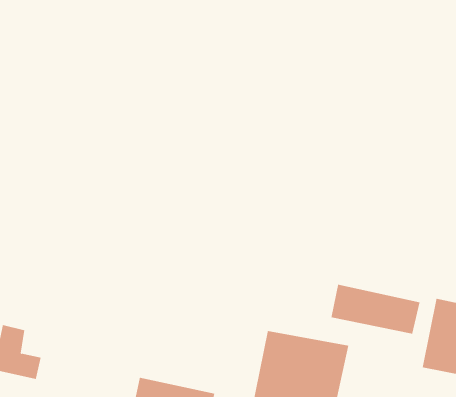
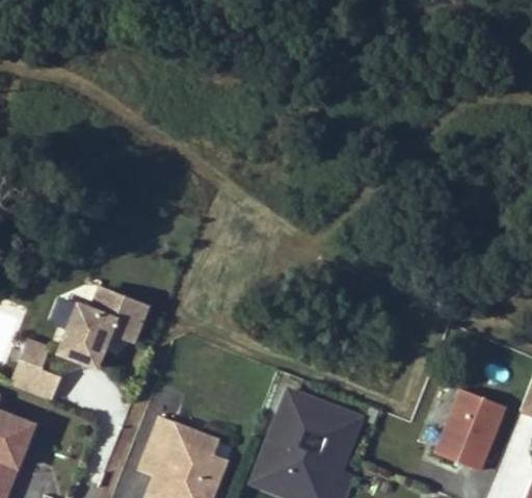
building: none -> [54,288,151,376]
building: [331,284,420,335] -> none

